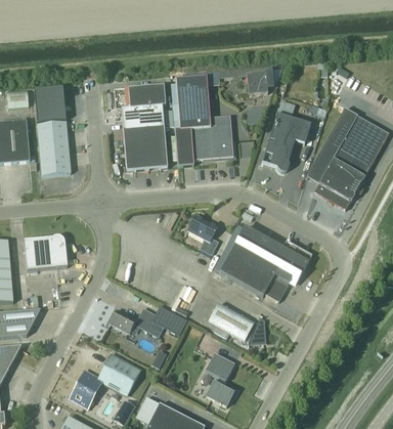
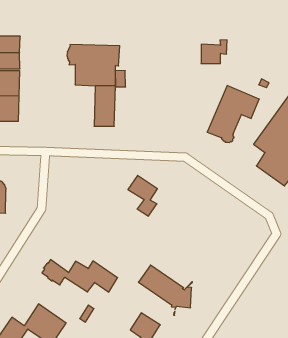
building: [174,69,232,165] -> none
building: [123,127,146,169] -> none
building: [219,226,311,300] -> none

